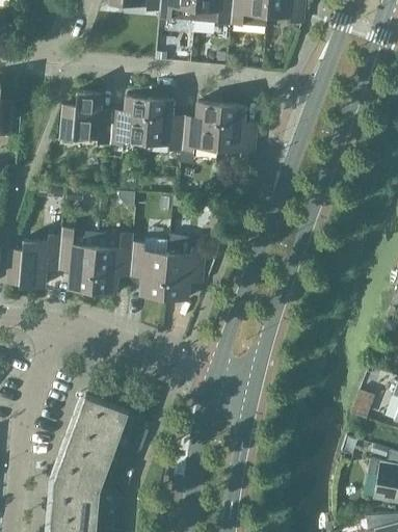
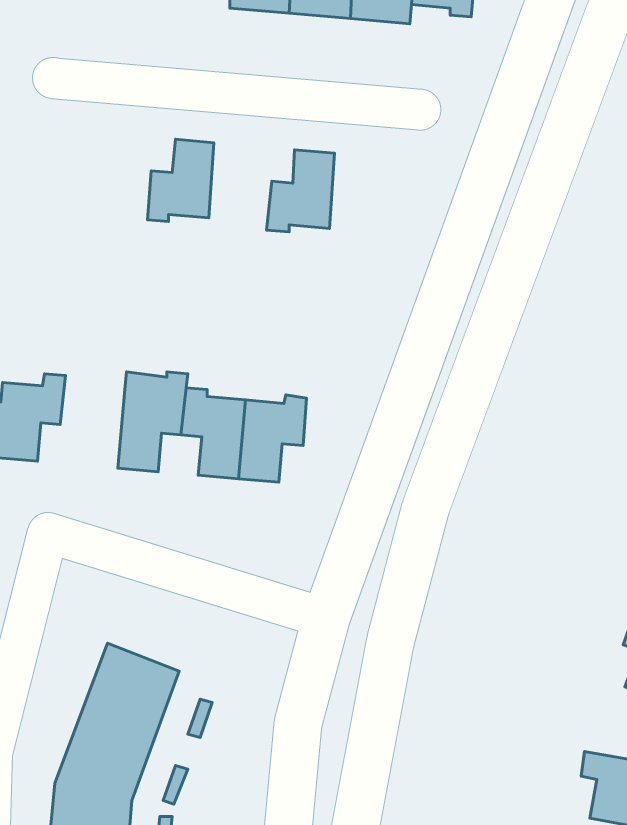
building: [59,91,111,143] -> none
building: [145,98,183,150] -> none
building: [217,104,255,156] -> none
building: [57,229,97,291] -> none

